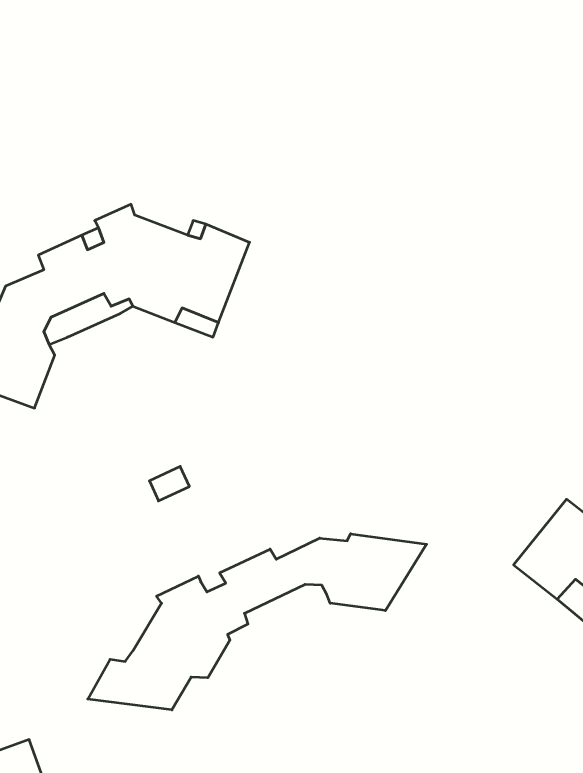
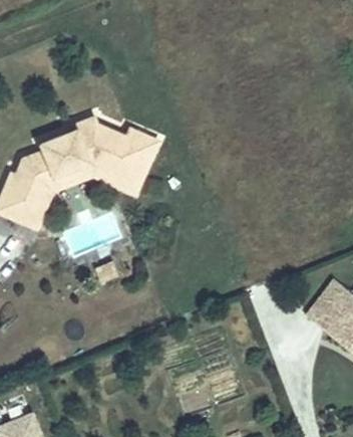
building: [88,534,427,710] -> none

